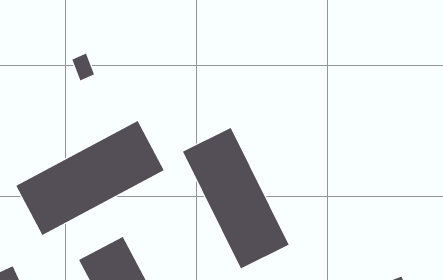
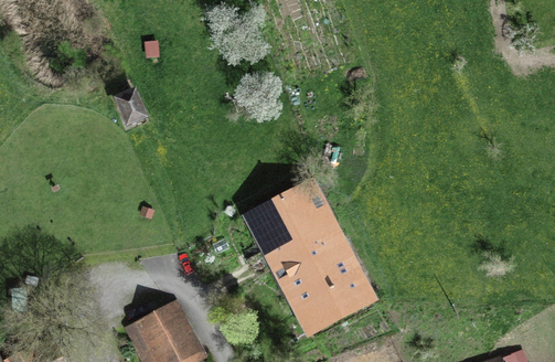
building: [16,120,164,236] -> none

